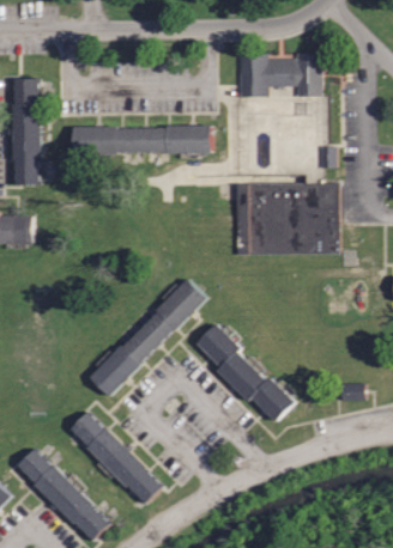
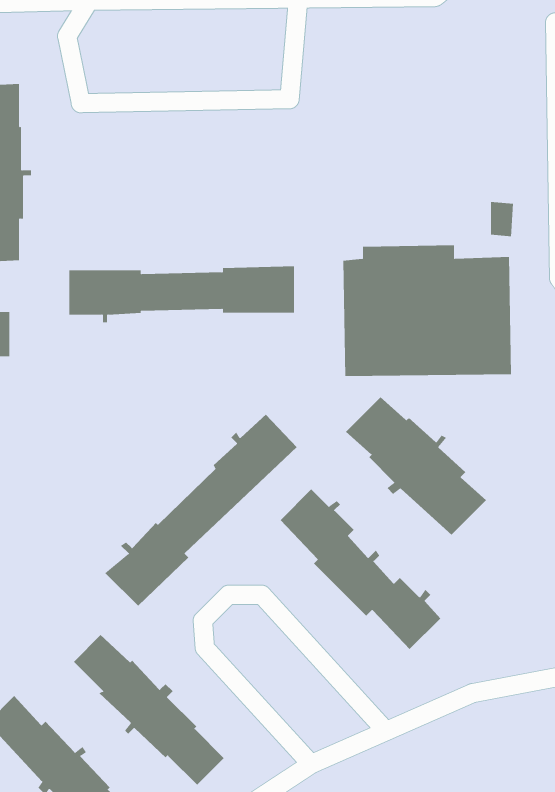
building: [238,53,321,97] -> none
building: [73,124,211,159] -> [69,266,295,323]
building: none -> [345,396,487,535]

